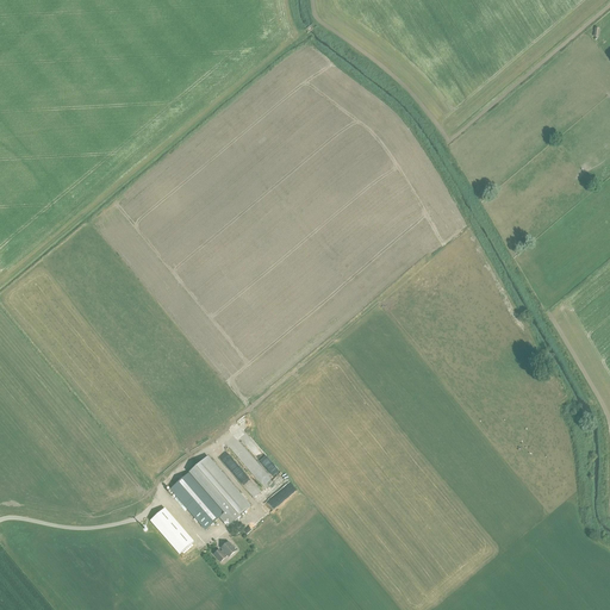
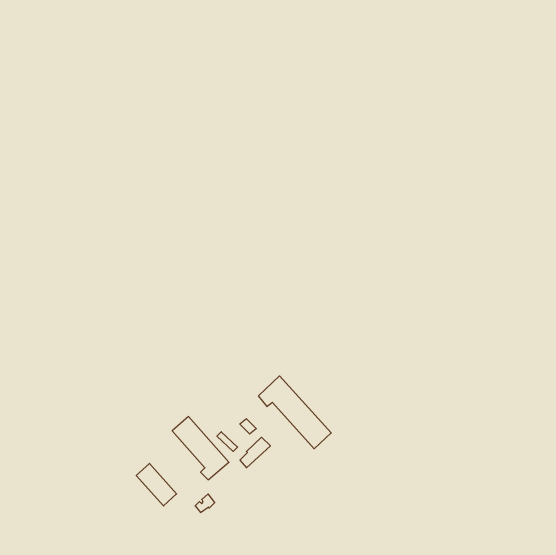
building: none -> [259,376,331,449]
building: [169,471,224,528] -> none

